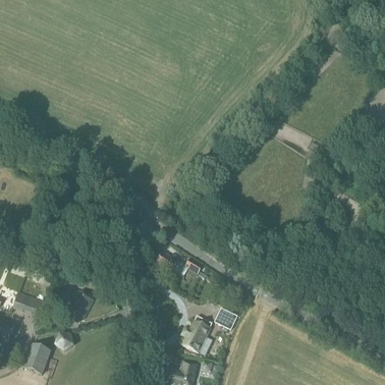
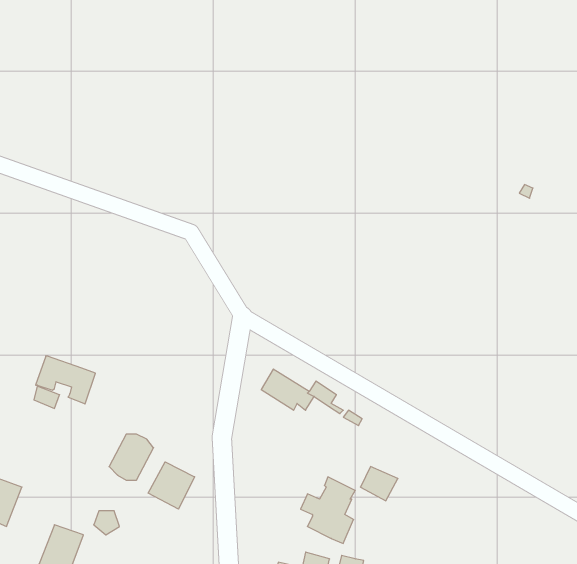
building: [12,290,48,319] -> [36,356,95,404]
building: none -> [148,462,195,509]

